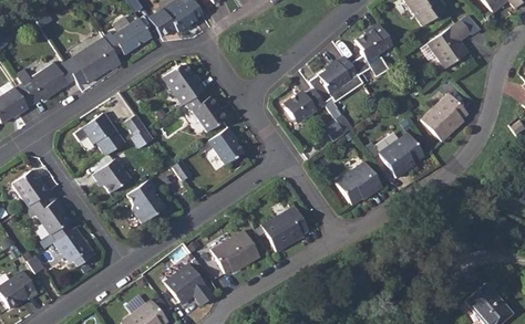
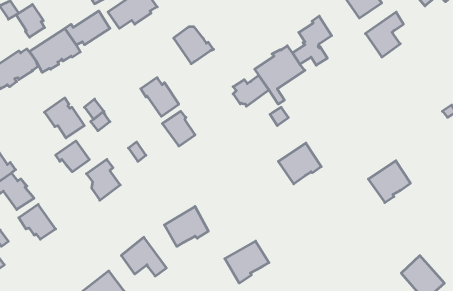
building: none -> [16,4,45,37]
building: [164,64,207,104] -> [174,27,214,64]
building: [422,92,469,140] -> none
building: [379,132,424,177] -> [368,161,410,203]
building: [261,206,309,251] -> [225,241,269,283]

